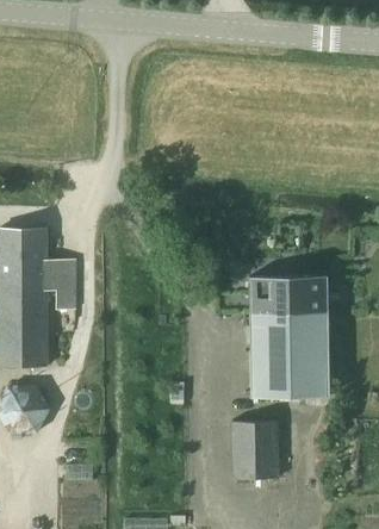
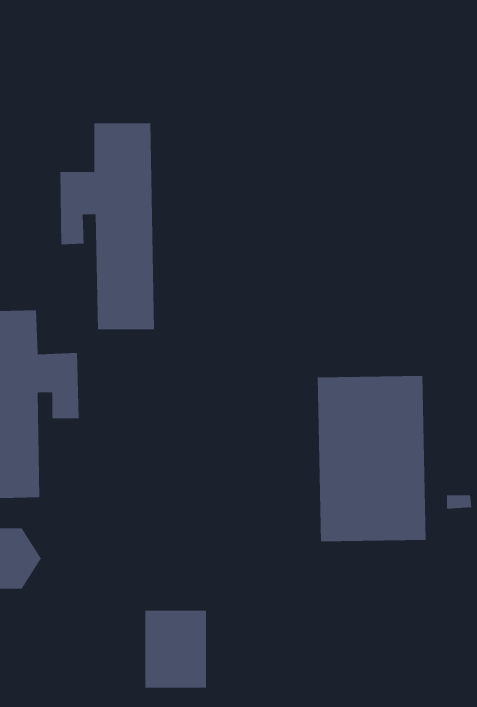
building: none -> [60,122,155,330]
building: [231,422,277,479] -> [145,610,207,688]

